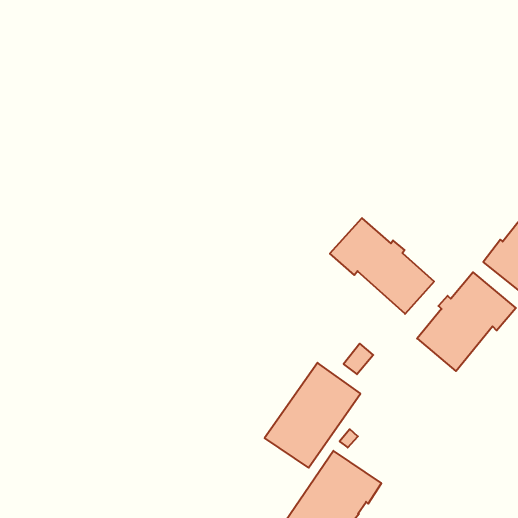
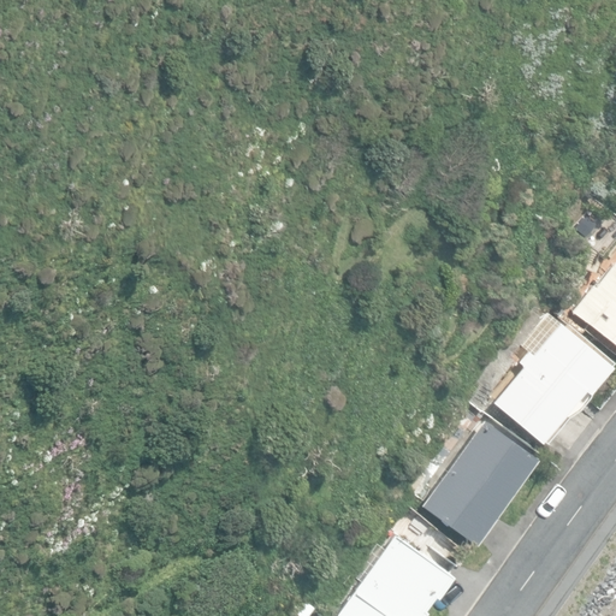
building: [330,218,434,314] -> none
building: [265,363,360,468] -> [424,421,537,545]

